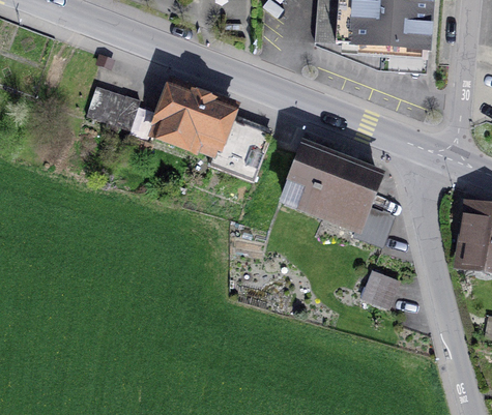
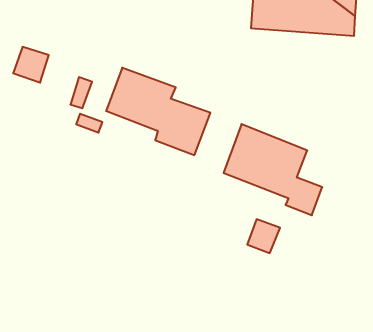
building: [86,85,125,124] -> [13,47,49,83]
building: [363,270,399,307] -> [247,219,280,253]

